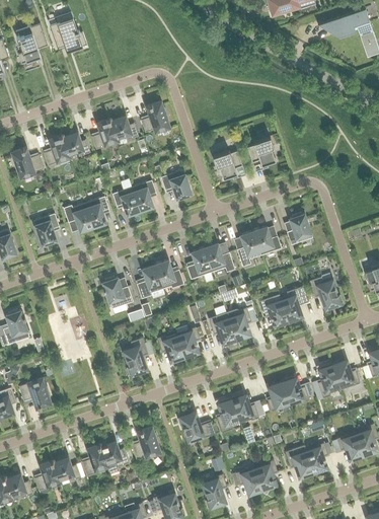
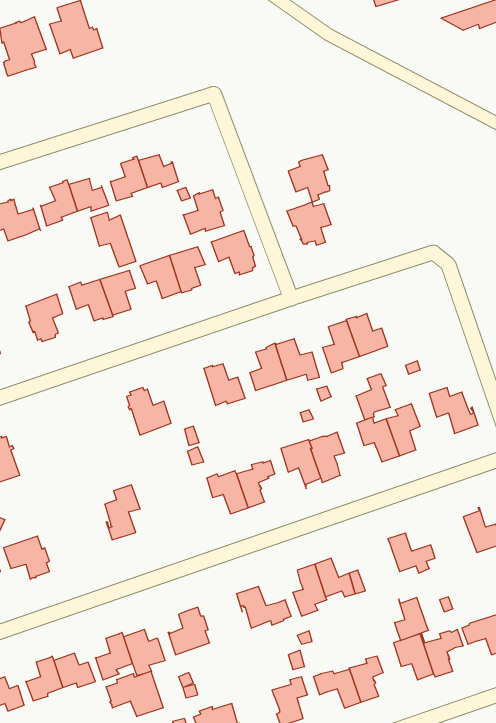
building: [140,101,168,132] -> [183,190,225,234]
building: [246,136,275,168] -> [288,155,330,202]
building: none -> [91,212,136,267]
building: [286,212,312,244] -> none
building: [136,263,163,297] -> none
building: none -> [356,374,390,420]
building: [124,337,148,374] -> [105,485,140,540]
building: [317,361,342,397] -> none
building: [267,381,290,411] -> [394,598,429,641]
building: none -> [106,671,163,717]

